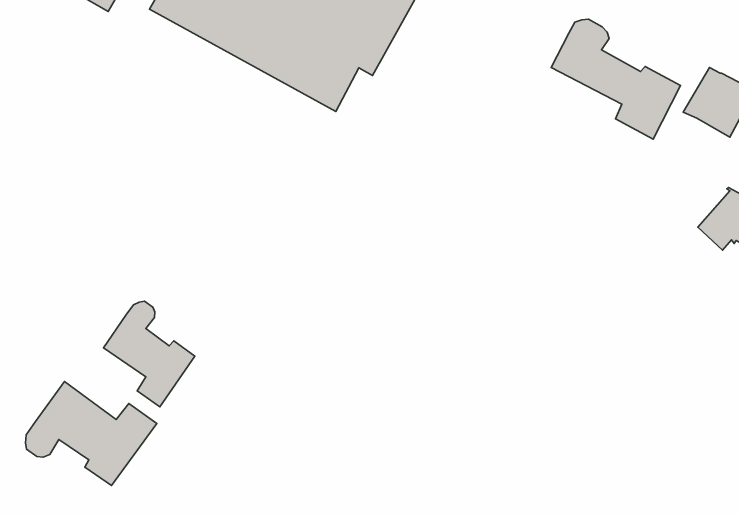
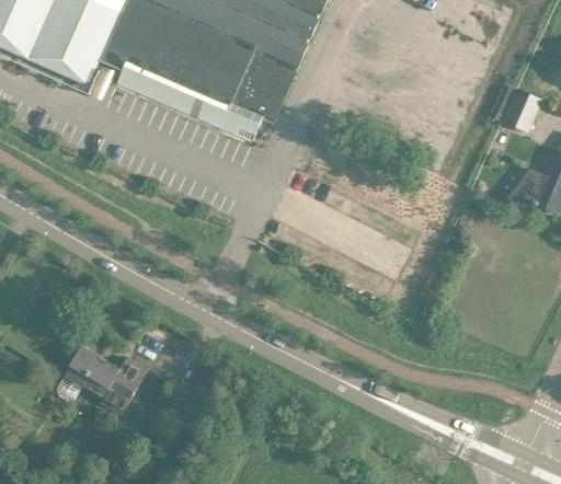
building: [551,19,680,139] -> none
building: [103,301,195,407] -> none

